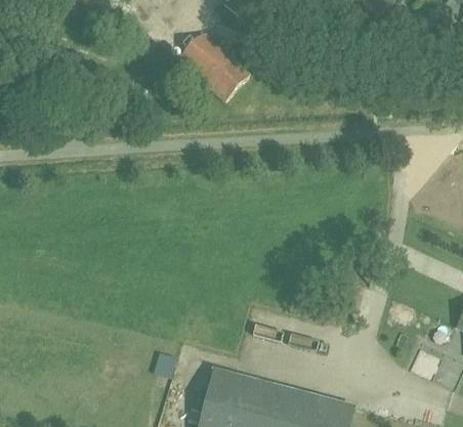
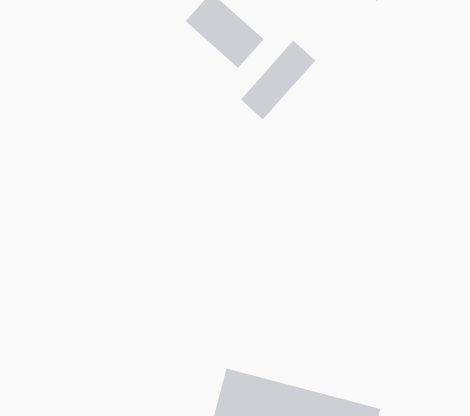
building: none -> [240,40,316,120]

